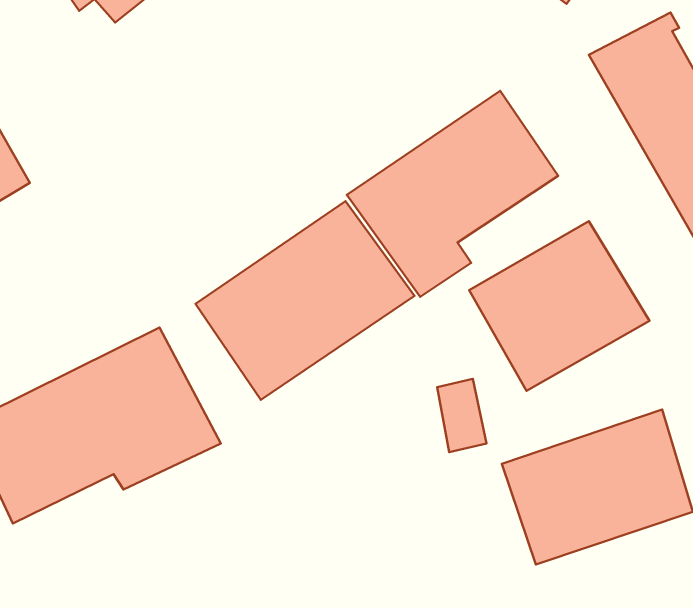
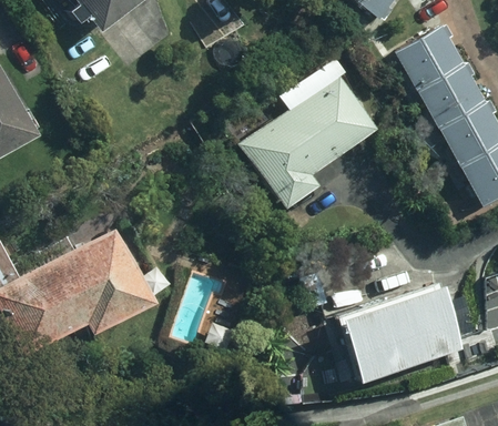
building: [195,201,415,400] -> none
building: [469,221,650,391] -> none

